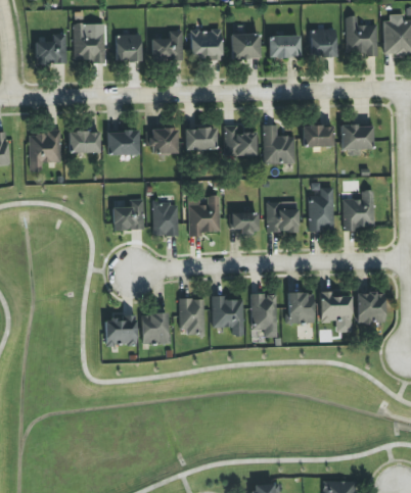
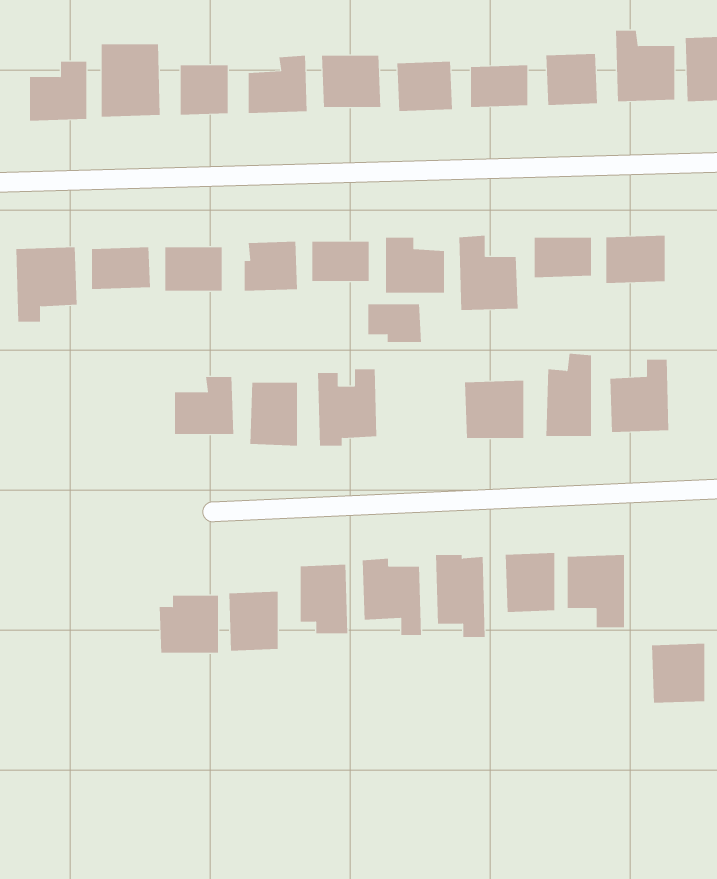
building: [230,212,259,233] -> [368,304,422,343]
building: [356,292,384,324] -> [651,643,705,703]

